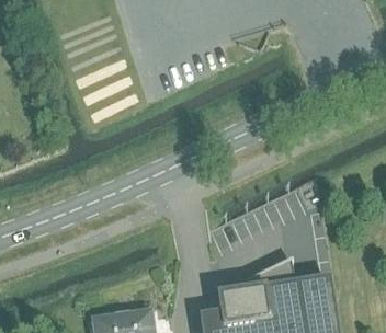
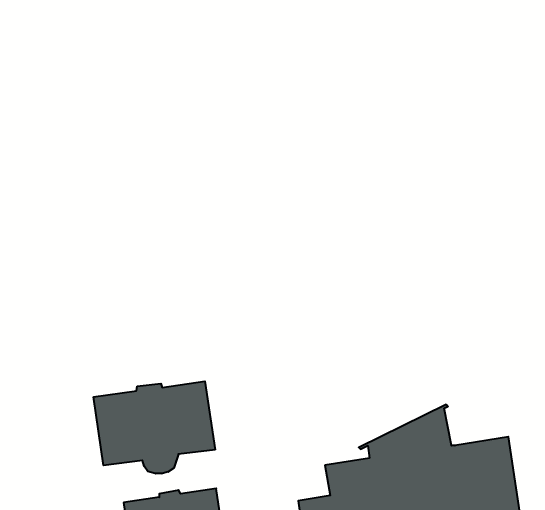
building: none -> [94,381,215,474]

